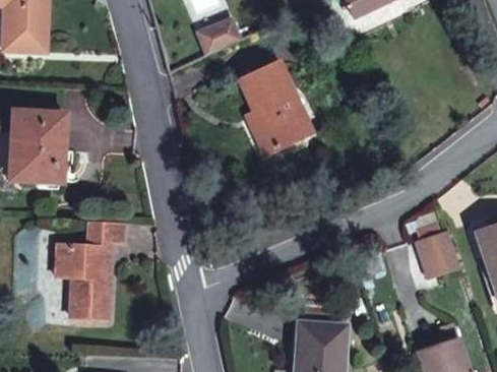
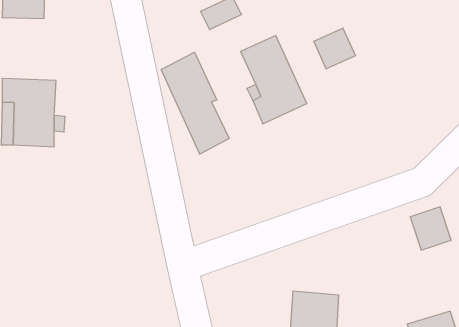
building: none -> [314,28,355,69]
building: none -> [161,52,229,154]
building: [51,212,117,311] -> none

